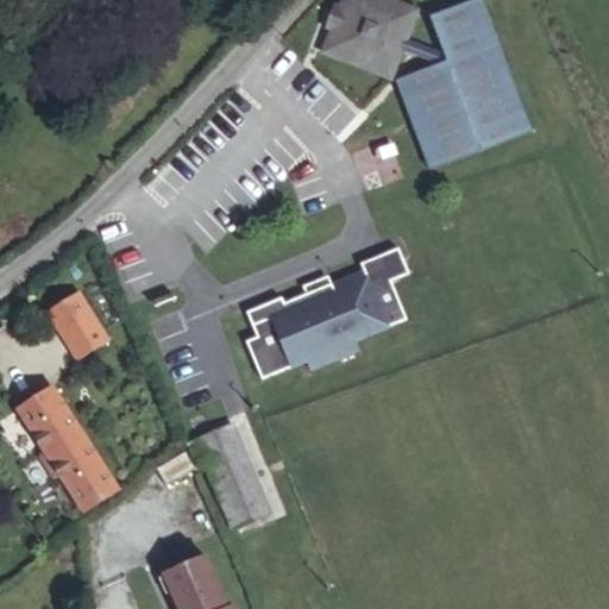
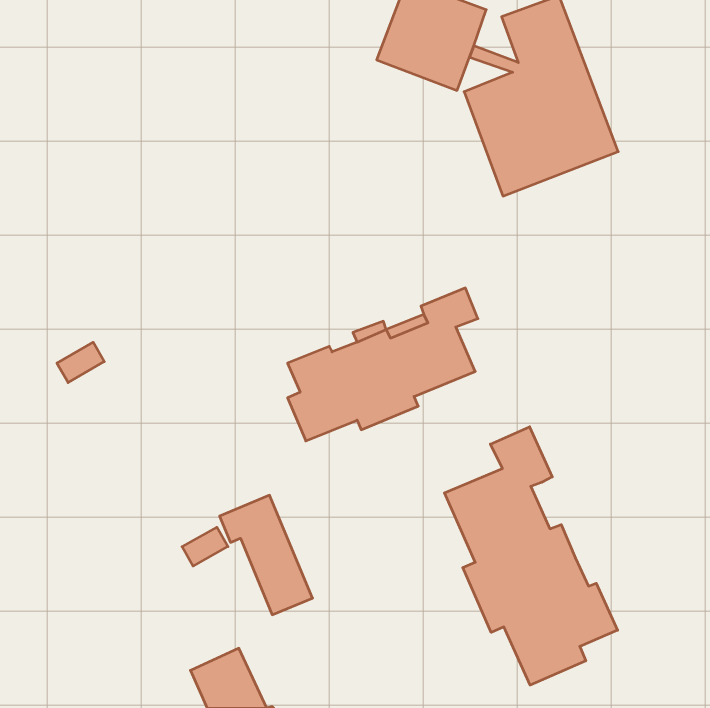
building: [58,309,107,358] -> none
building: none -> [444,427,618,685]
building: [18,385,118,511] -> none

